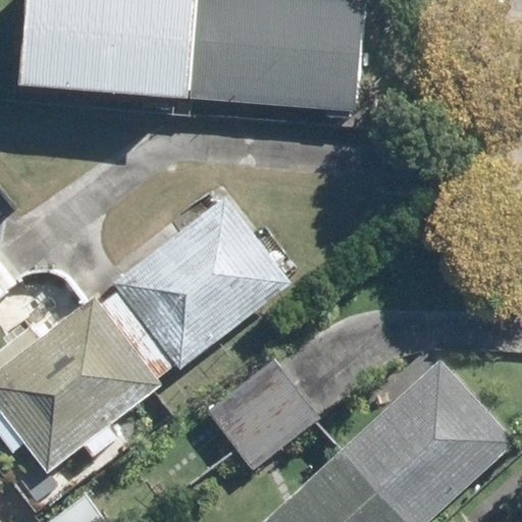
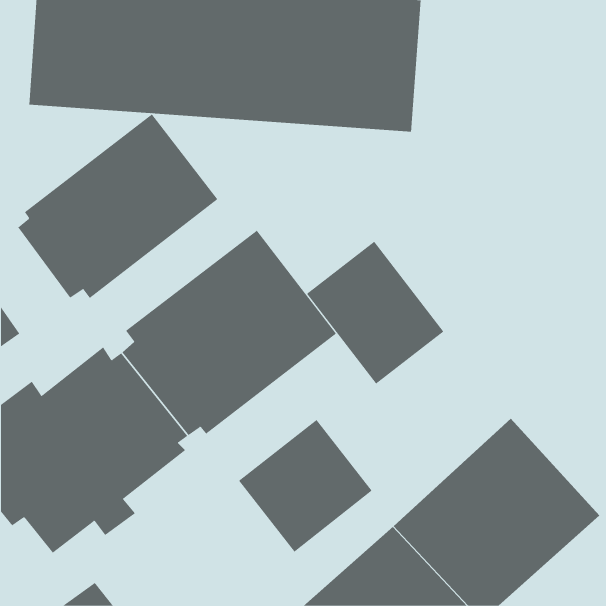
building: none -> [18,114,218,299]
building: none -> [306,241,444,385]

